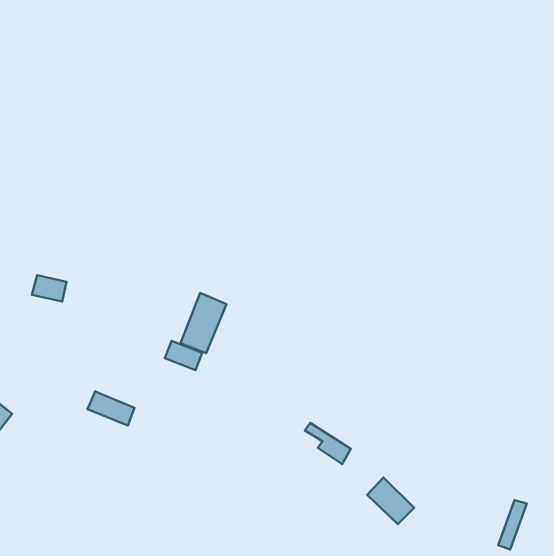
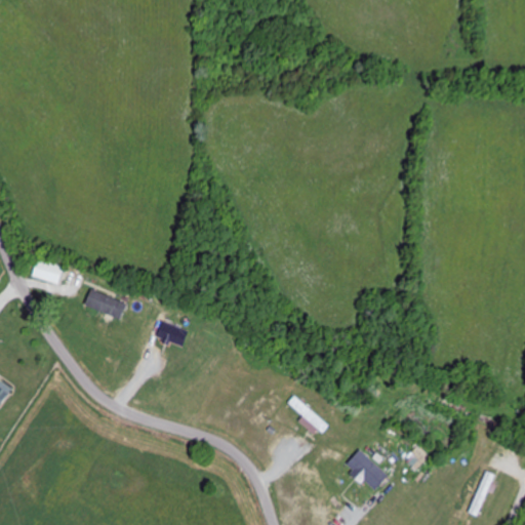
building: [180,293,227,353] -> none
building: [88,392,135,425] -> [82,288,126,320]

